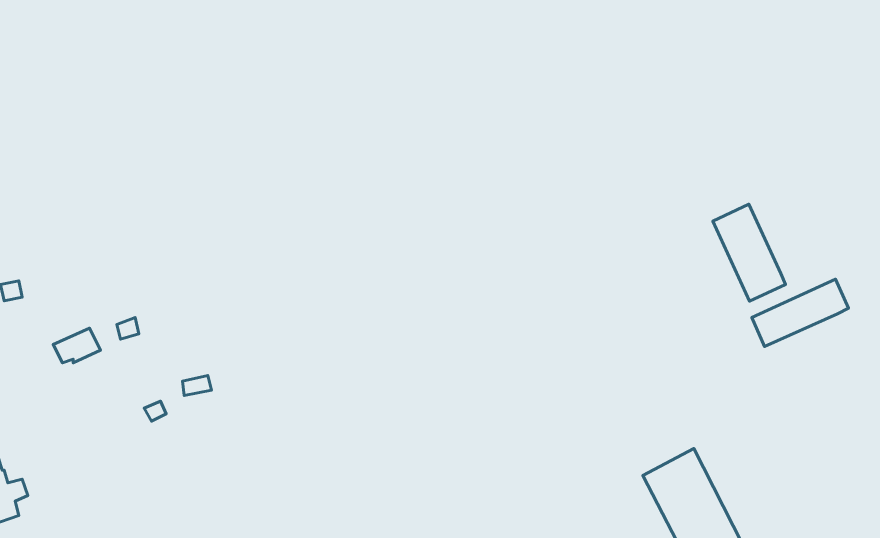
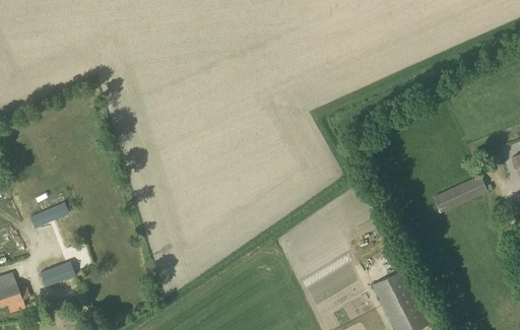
building: [713,204,785,301] -> none
building: none -> [41,262,74,286]

